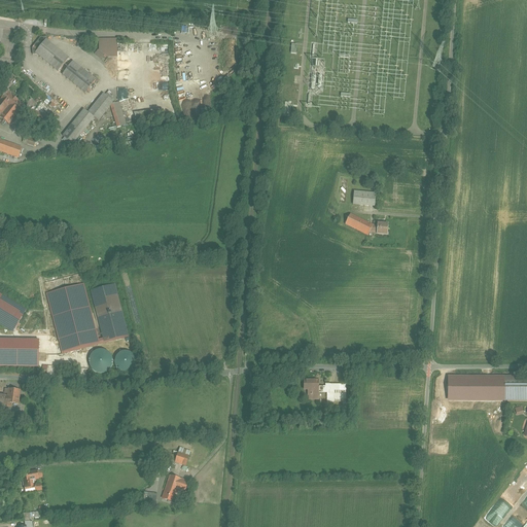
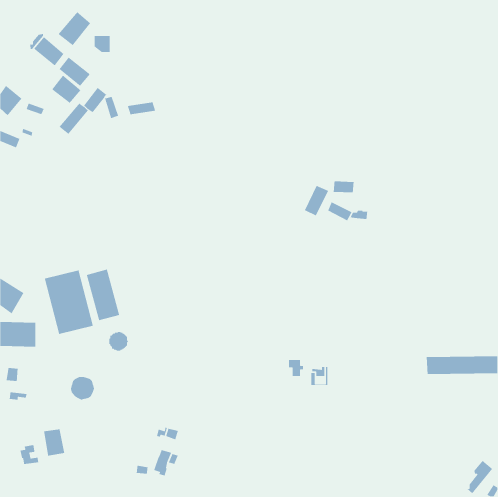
building: none -> [58,11,91,46]
building: none -> [51,75,82,104]
building: none -> [304,185,329,217]
building: [87,348,113,374] -> [70,376,95,401]
building: none -> [43,428,65,457]

